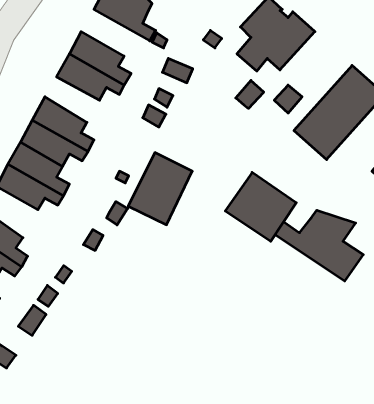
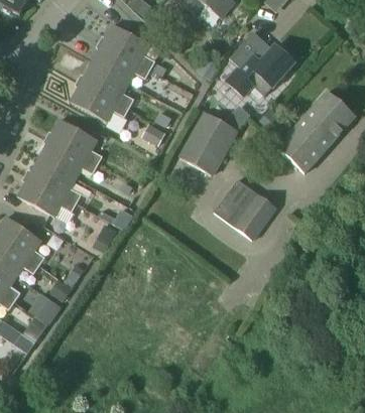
building: none -> [91,41,150,82]
building: [128,153,192,225] -> [179,116,235,178]
building: [275,210,363,281] -> none

